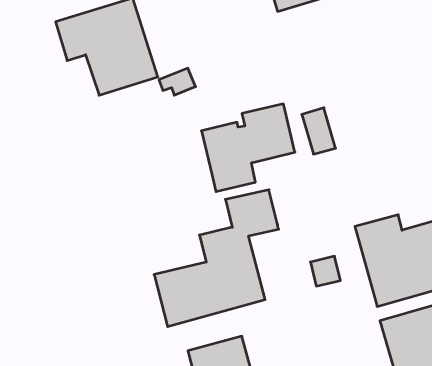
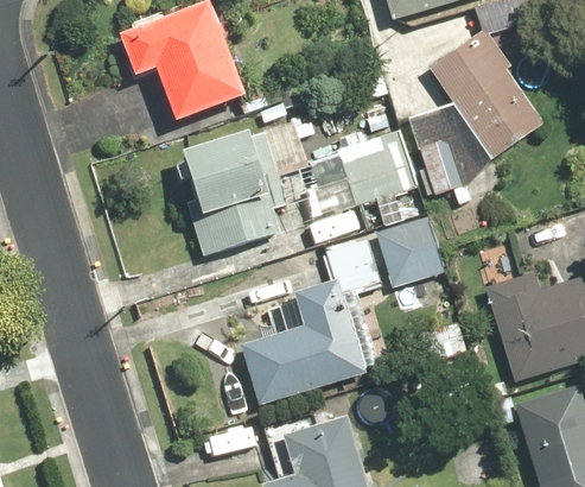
building: none -> [428,29,546,159]
building: none -> [178,118,305,258]
building: none -> [380,216,443,285]

